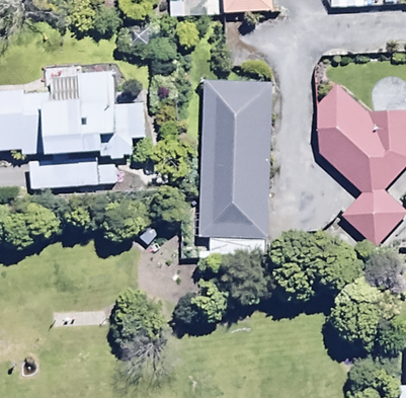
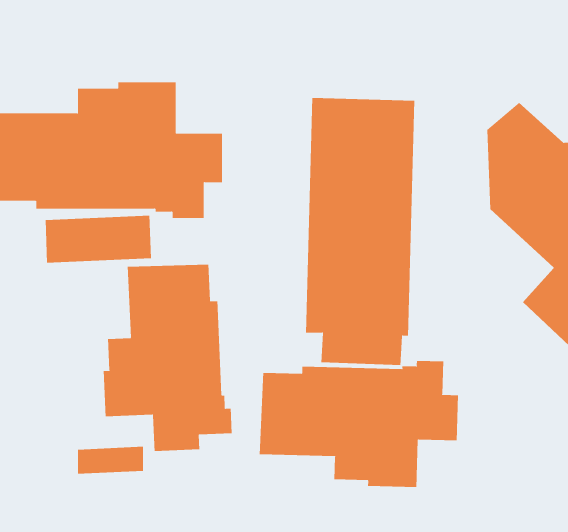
building: none -> [103,264,232,452]
building: none -> [259,360,458,488]

